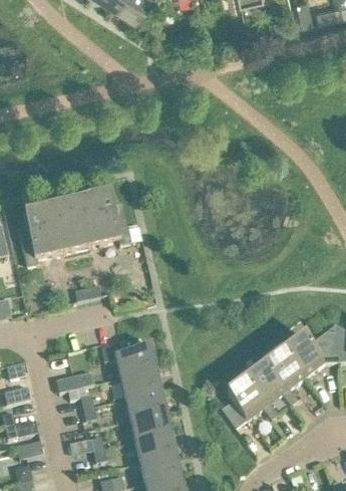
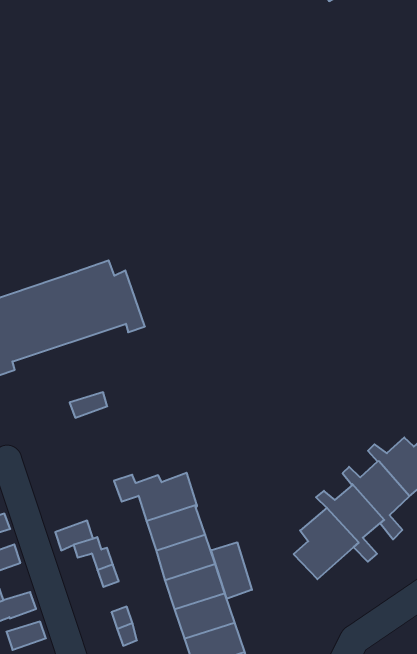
building: none -> [211,542,252,599]

